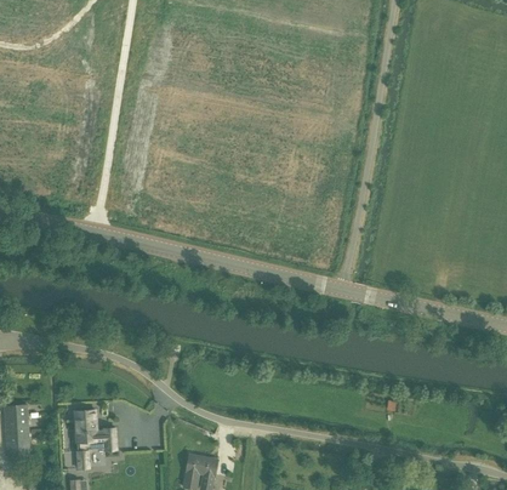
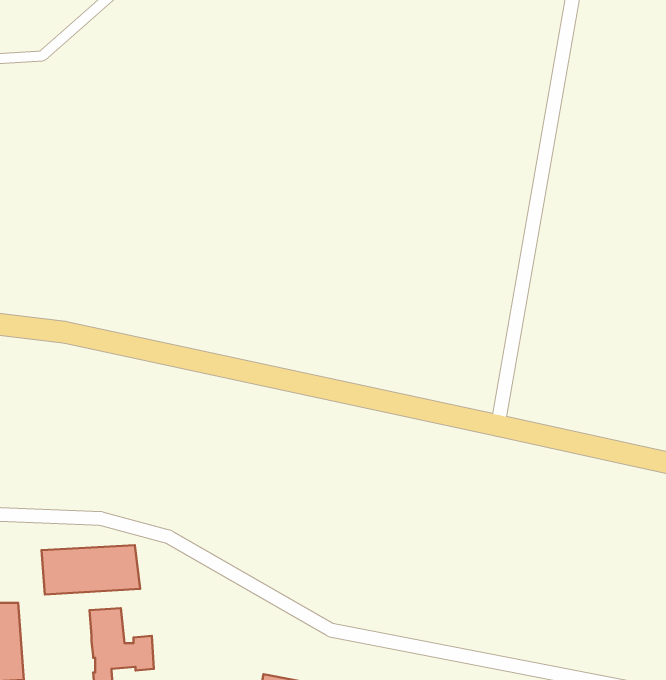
building: none -> [42,545,140,594]

